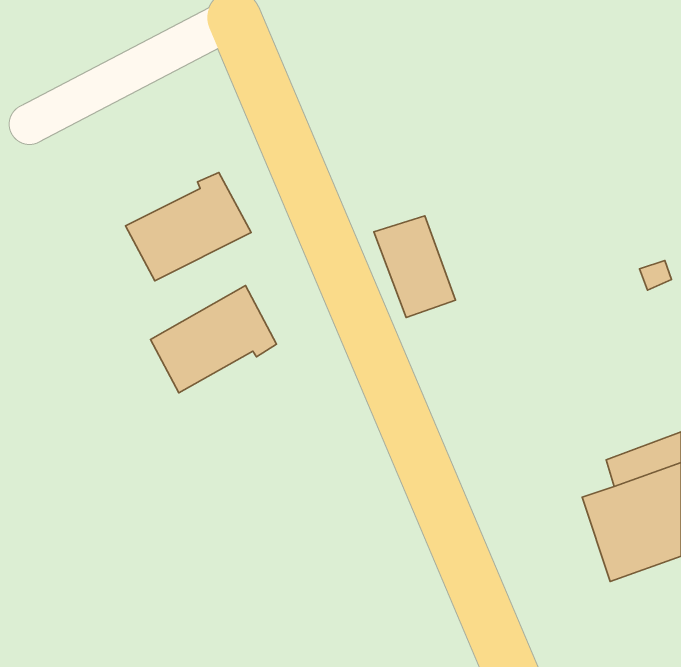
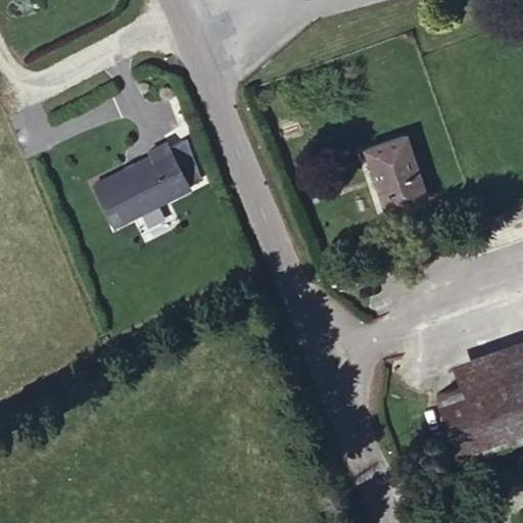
building: [374,216,455,317] -> [365,136,427,213]
building: [151,286,277,393] -> none

